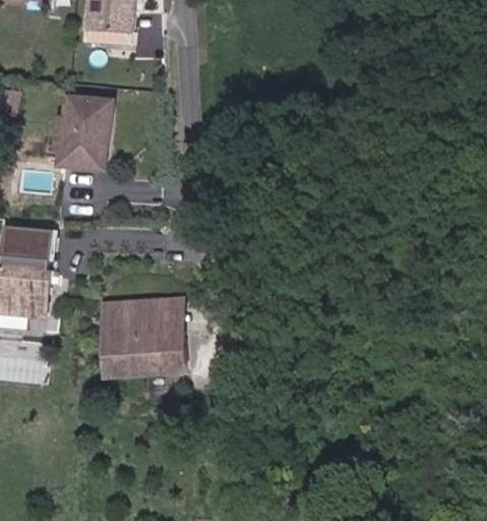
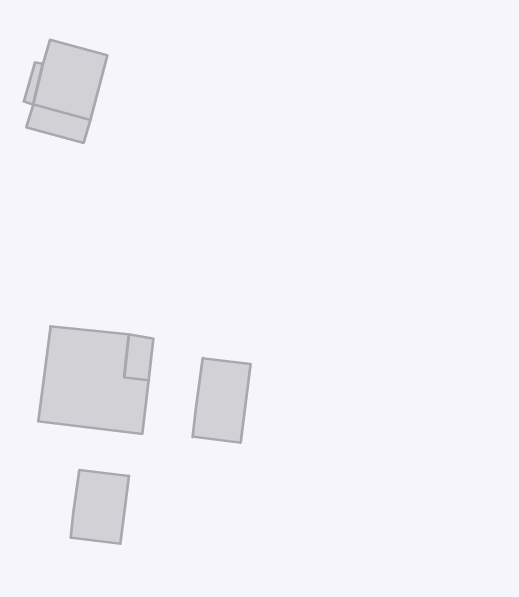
building: none -> [193,358,250,443]
building: none -> [71,470,129,544]

